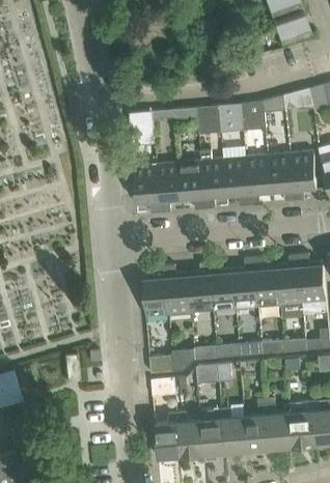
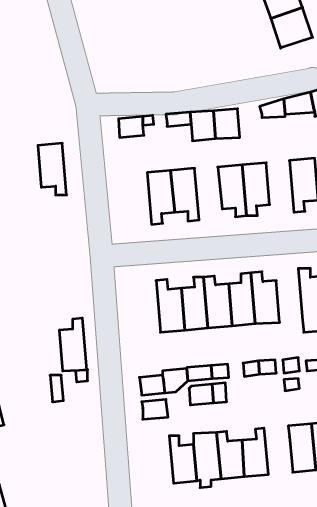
building: [242,103,266,132] -> none
building: [200,150,227,209] -> none
building: [269,153,295,203] -> none
building: [134,165,161,214] -> [38,143,67,195]
building: [278,255,303,306] -> none
building: [143,266,169,316] -> [59,318,87,371]
building: [267,404,294,449] -> none
building: [156,413,182,458] -> none

